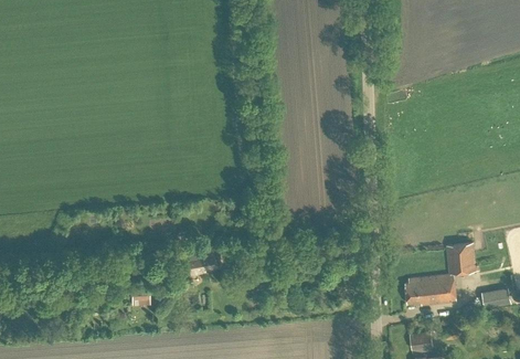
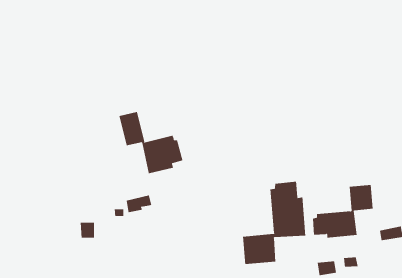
building: none -> [119,111,183,174]
building: none -> [242,181,306,265]

